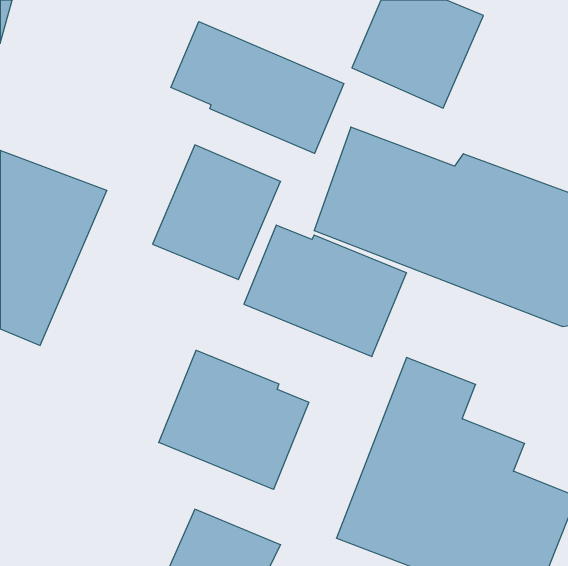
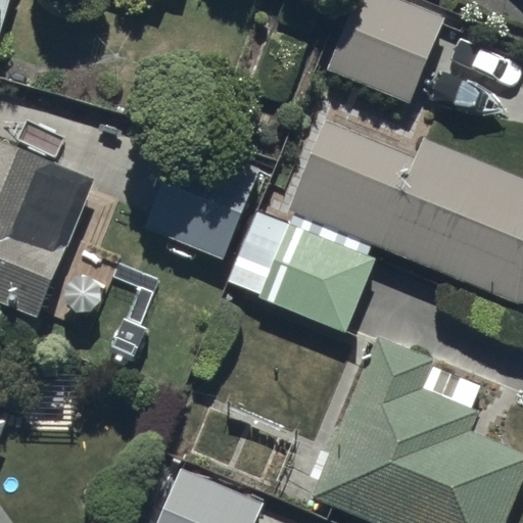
building: [171,22,344,153] -> none
building: [159,350,309,489] -> none

